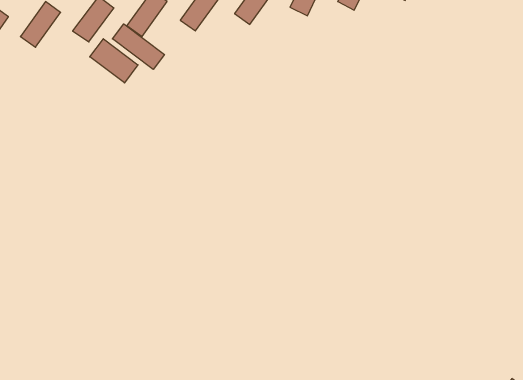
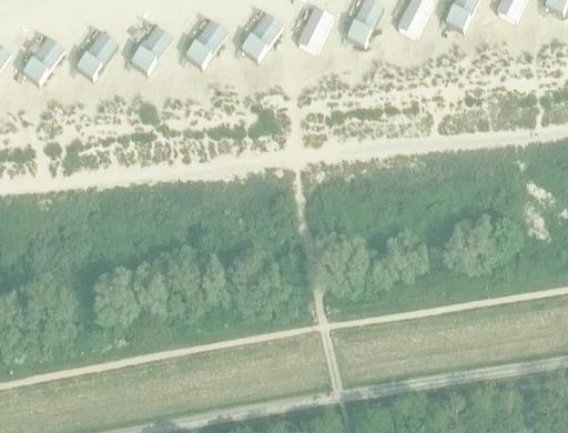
building: [112,24,164,69] -> none
building: [90,39,138,83] -> none

